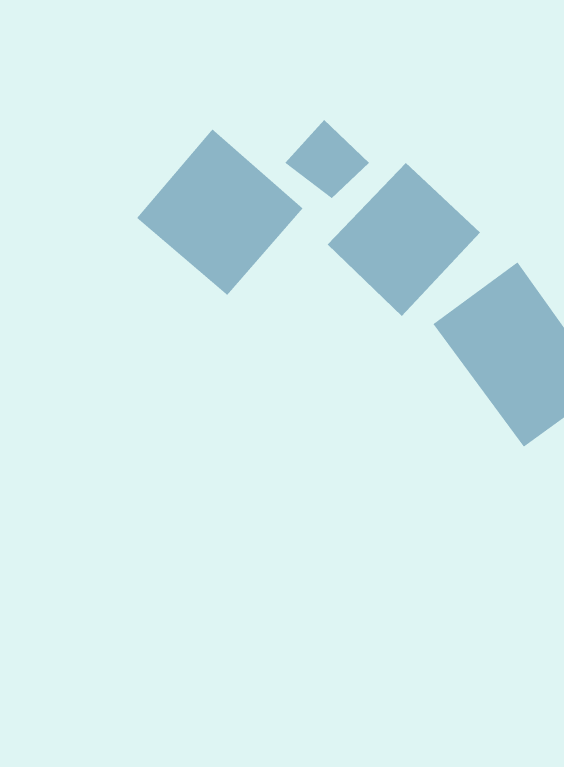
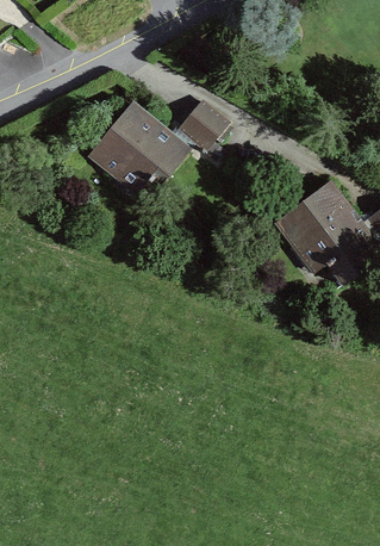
building: [327,162,481,317] -> none

